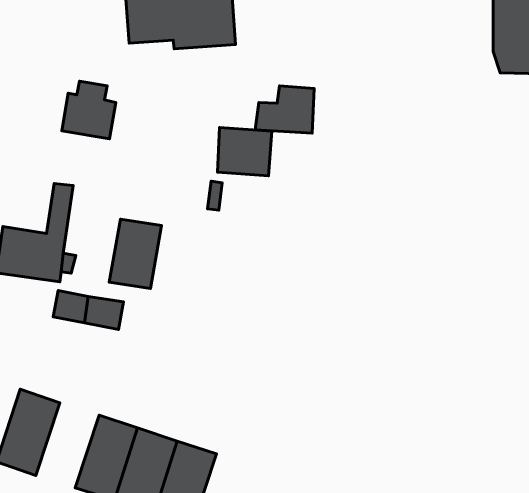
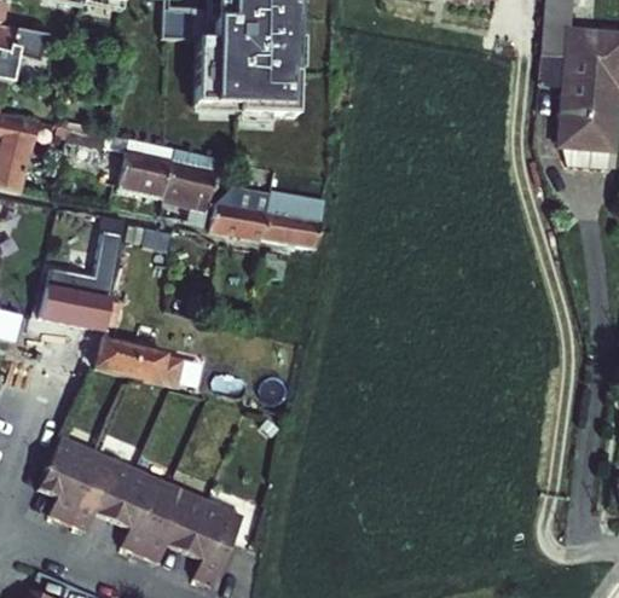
building: [255,86,314,133] -> [216,188,278,238]
building: none -> [169,161,227,207]
building: [109,219,161,289] -> none
building: none -> [66,449,134,534]

